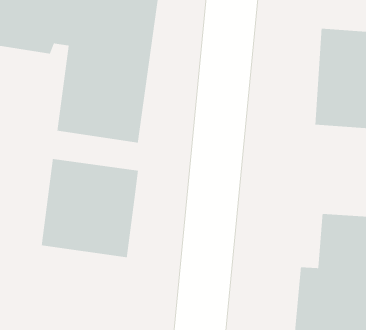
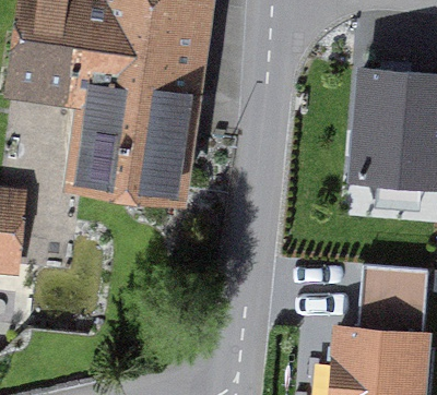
building: [41,158,139,258] -> none

